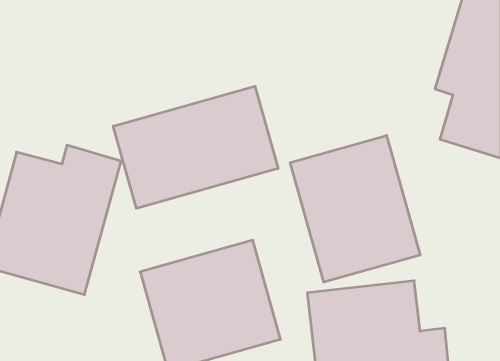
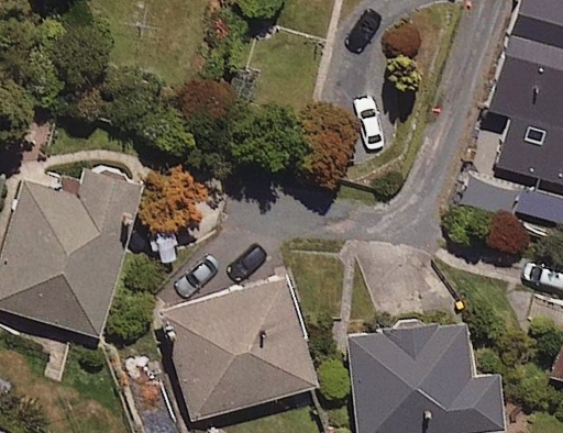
building: [113,86,278,208] -> none
building: [290,135,420,282] -> none

